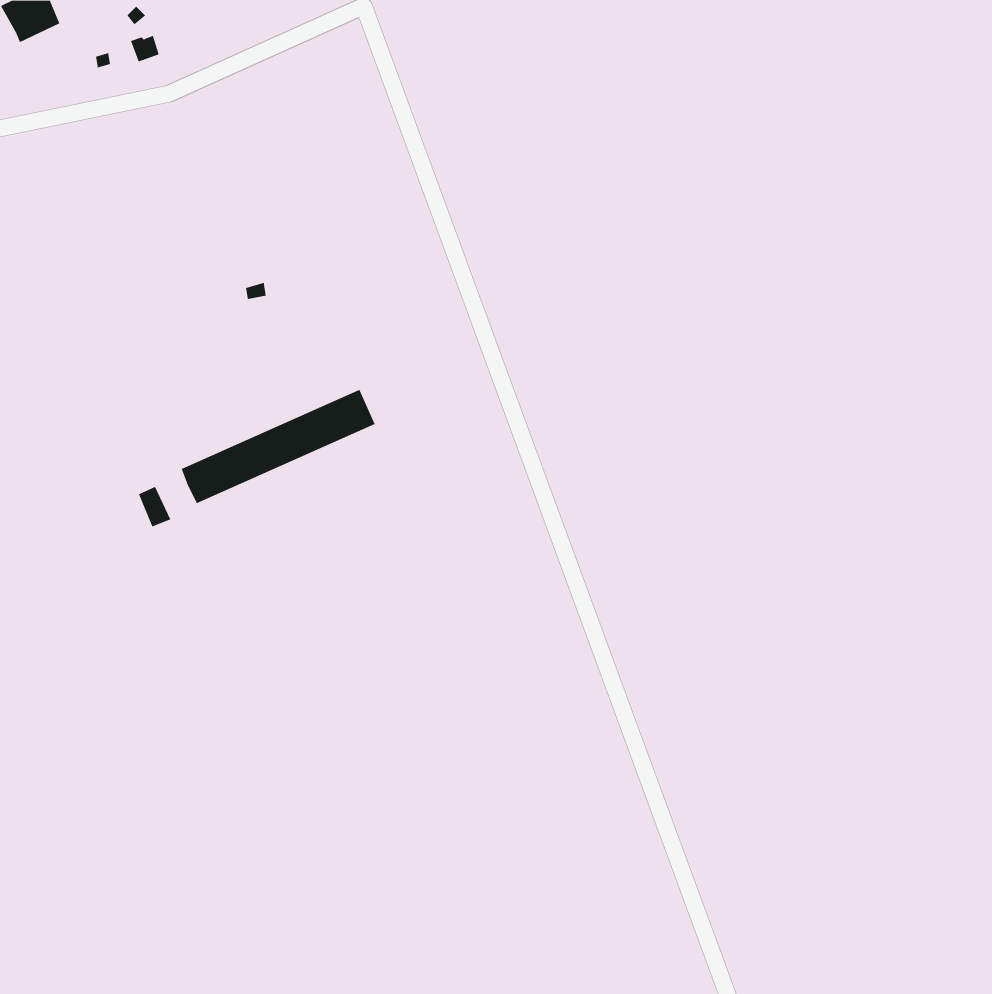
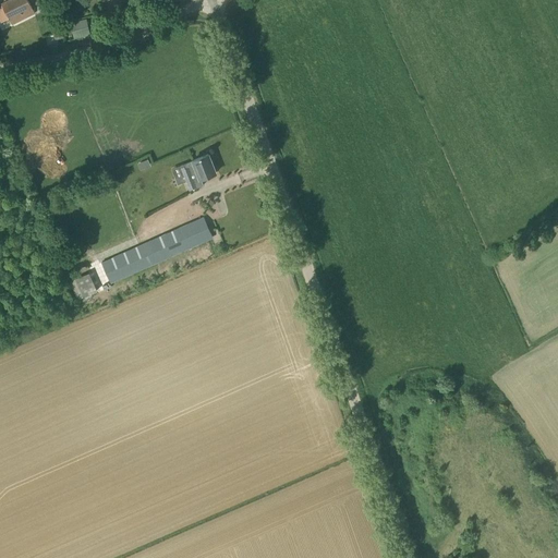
building: none -> [180,154,215,191]

